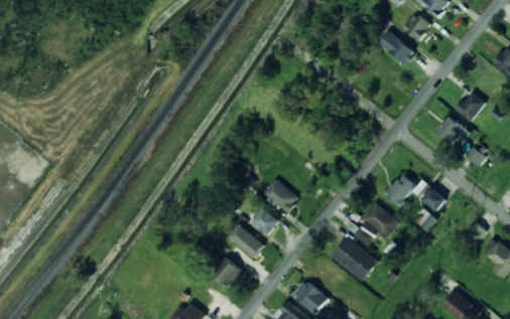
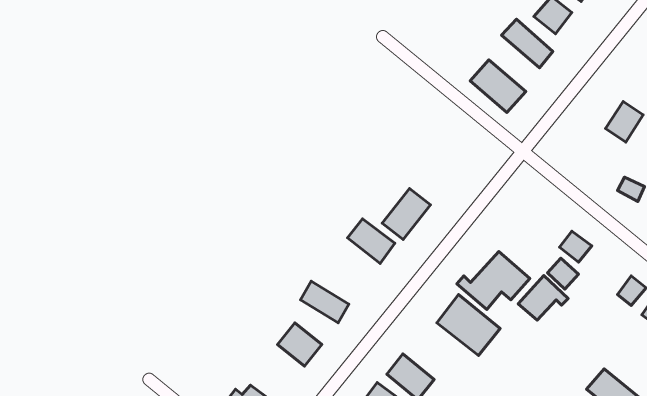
building: none -> [470,60,526,112]
building: [435,116,470,145] -> none
building: none -> [382,188,431,240]
building: [383,173,420,206] -> [518,276,568,320]
building: [251,207,278,234] -> none

